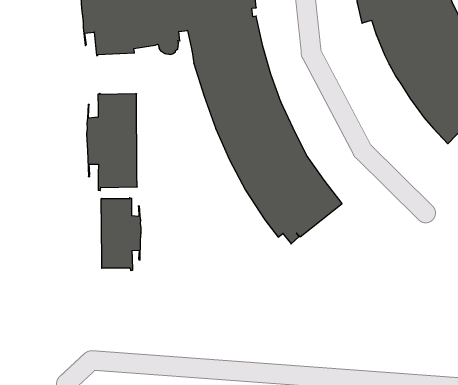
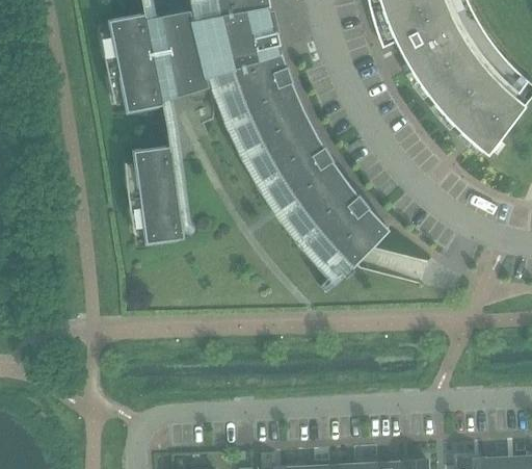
building: [101,198,141,271] -> none

